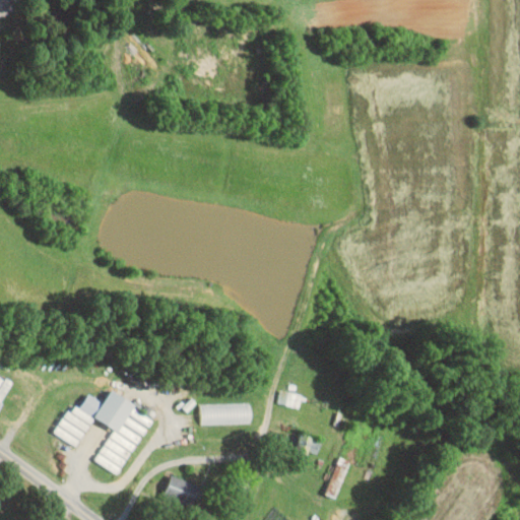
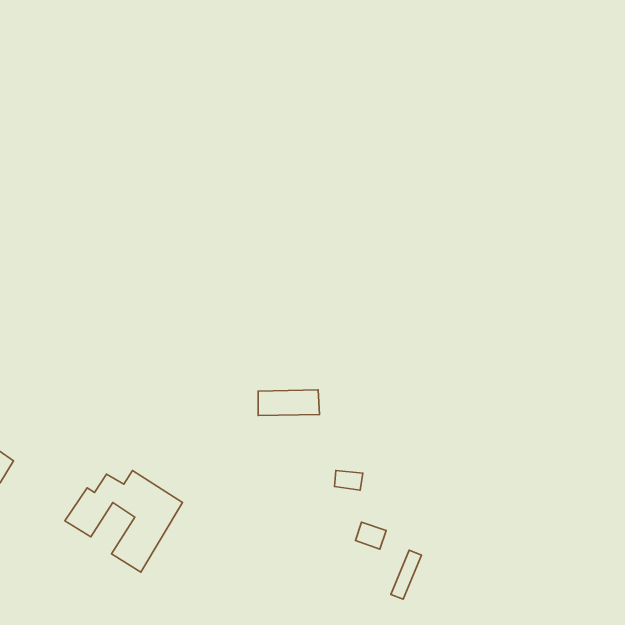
building: [199,403,250,425] -> [258,390,319,416]
building: [162,474,198,507] -> none

